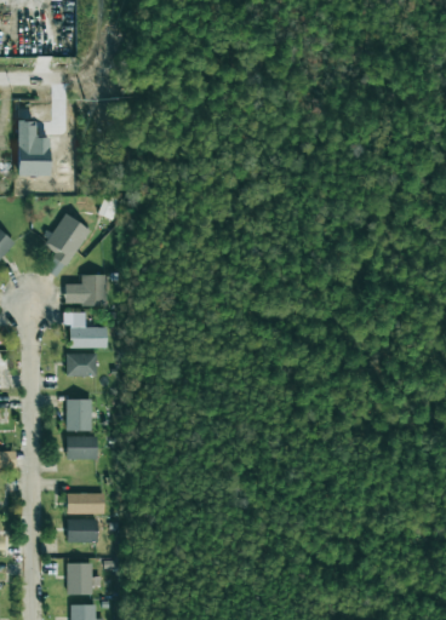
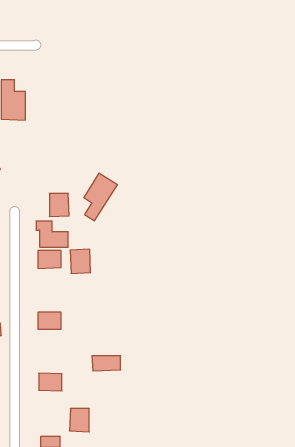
building: [44,213,90,277] -> [84,173,118,221]
building: [64,398,92,431] -> [70,249,91,273]
building: [65,493,104,513] -> [92,356,121,371]
building: [65,563,92,595] -> [70,409,89,432]

